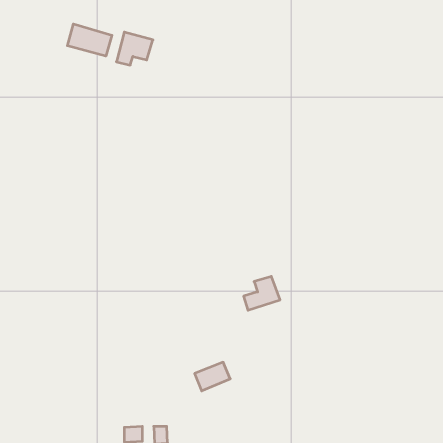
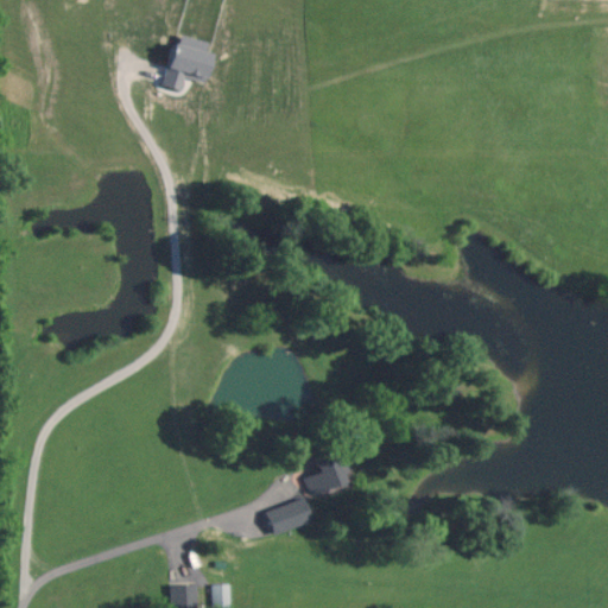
building: [67,24,112,56] -> none
building: [244,276,280,310] -> [305,450,355,496]

